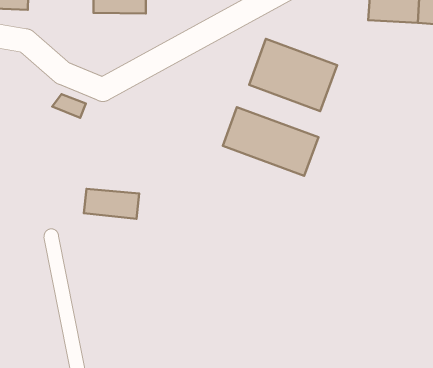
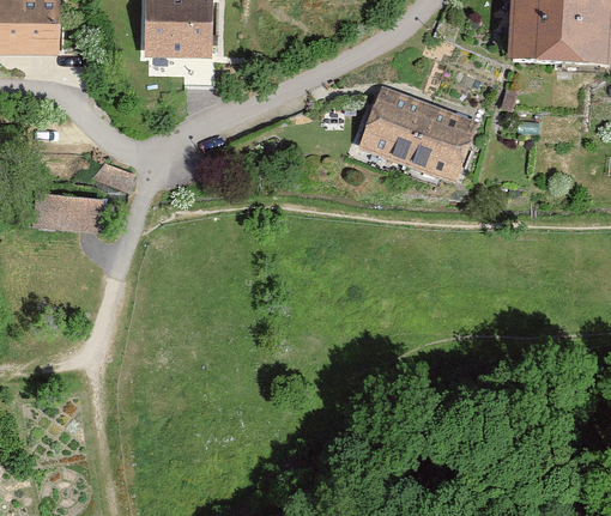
building: [223,107,319,176] -> none
building: [84,189,139,219] -> [36,190,107,229]

